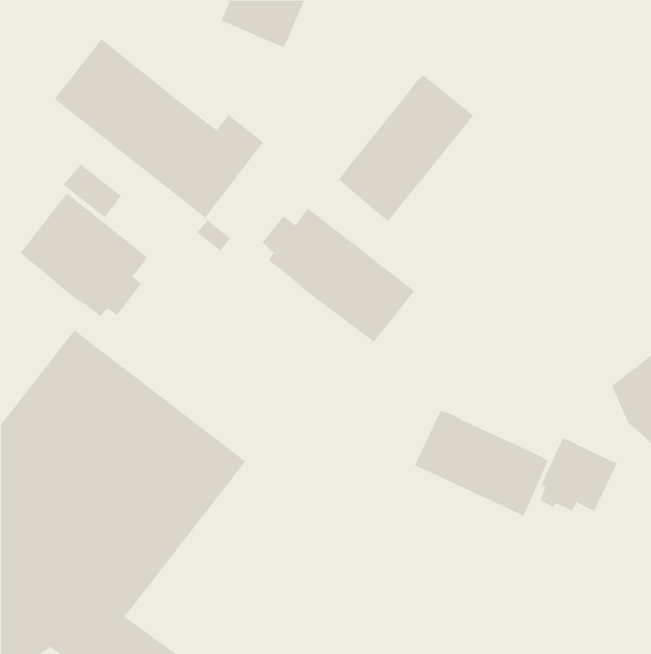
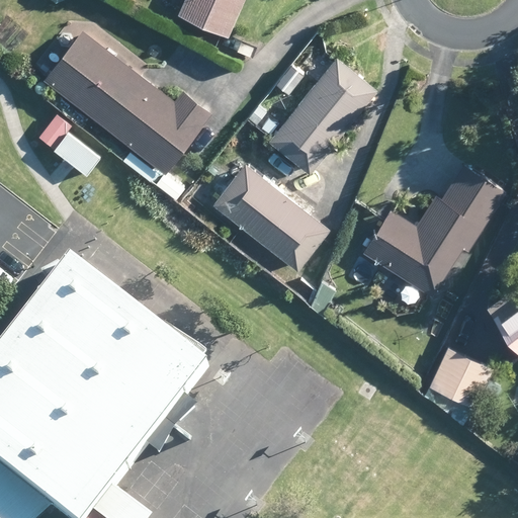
building: [20,193,148,317] -> none
building: none -> [365,162,505,294]
building: [414,410,548,517] -> none

